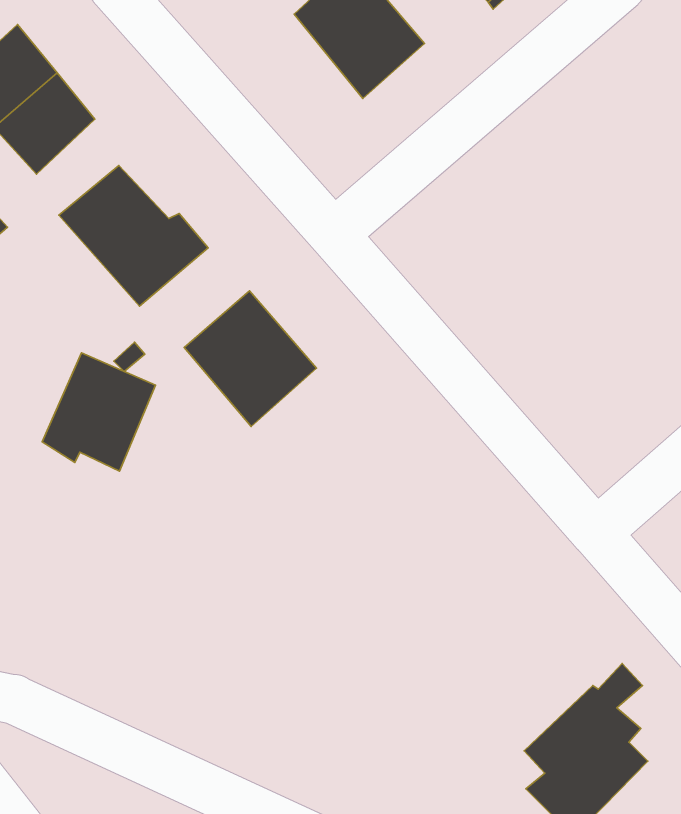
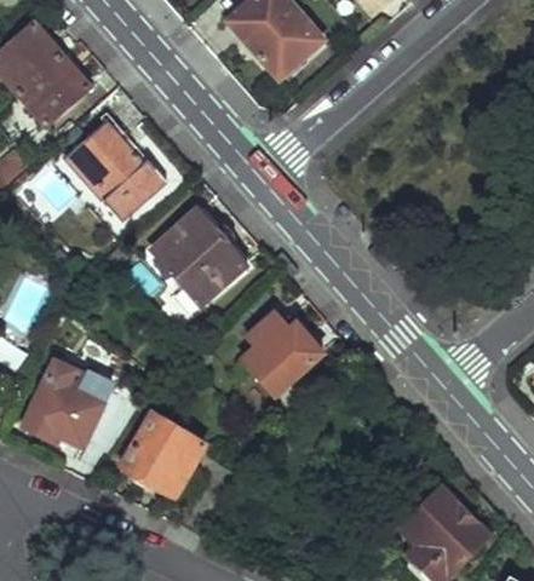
building: [42,353,155,471] -> [28,362,108,445]
building: none -> [239,312,321,392]
building: none -> [121,413,208,496]

